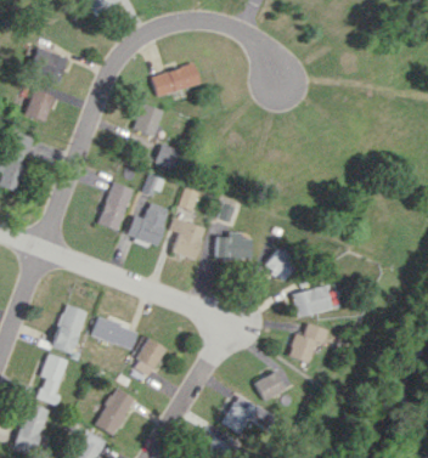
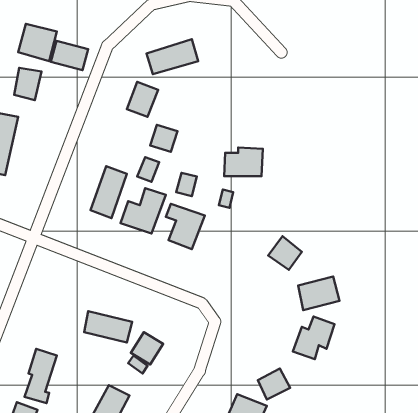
building: none -> [51,41,88,70]
building: [215,232,252,259] -> [224,148,263,176]
building: [54,305,84,354] -> none

